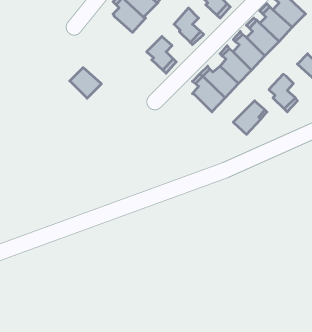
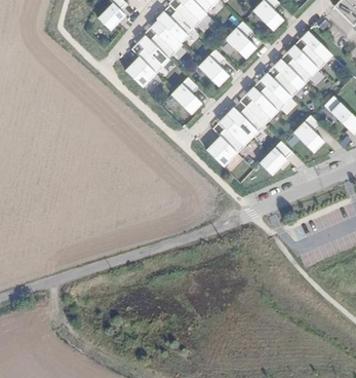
building: [70,68,101,98] -> [126,56,158,87]
building: none -> [207,136,238,167]

